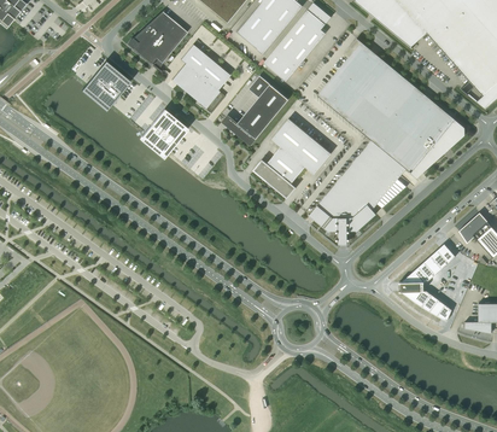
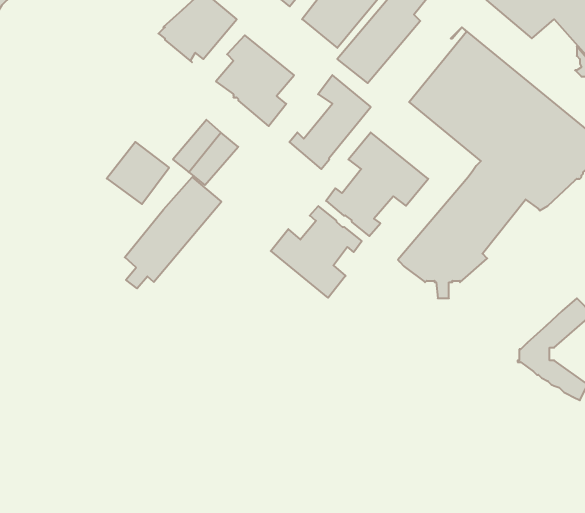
building: [87,63,134,110] -> [107,142,169,204]
building: none -> [125,177,221,288]
building: none -> [271,206,362,298]

